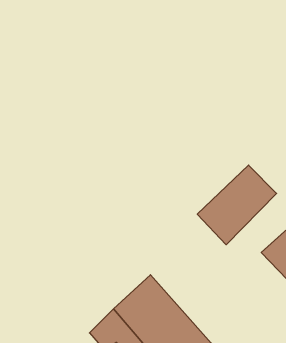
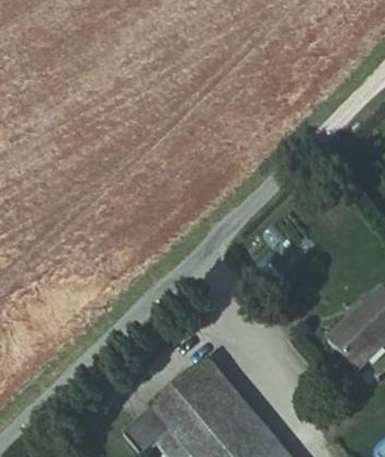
building: [197,165,277,245] -> none

